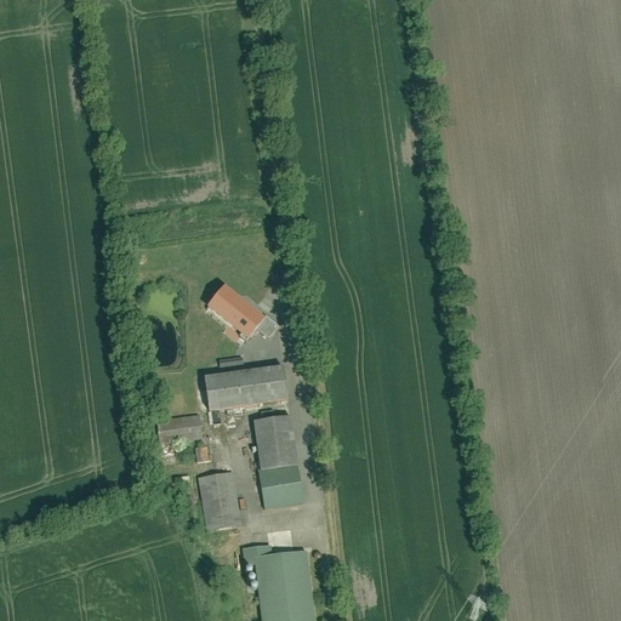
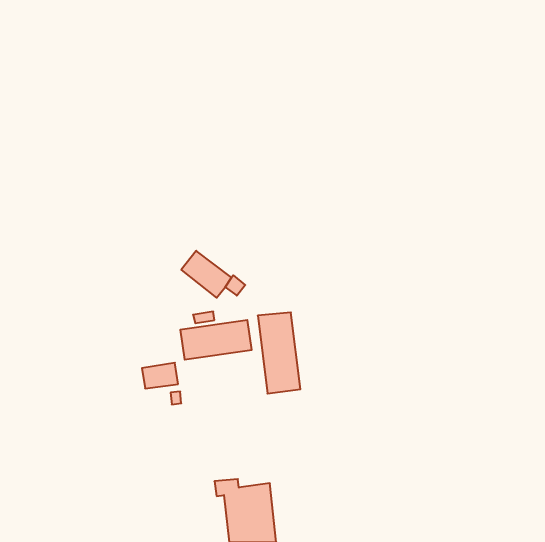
building: [253,415,302,507] -> [258,312,300,394]
building: [199,469,243,529] -> none

